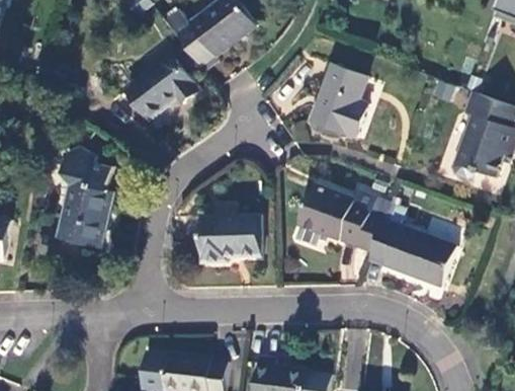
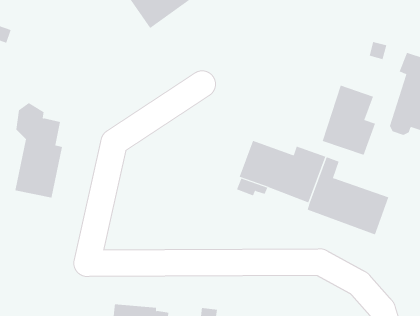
building: [126,52,200,119] -> none
building: [313,68,369,142] -> [322,85,376,156]
building: [202,219,261,264] -> none

